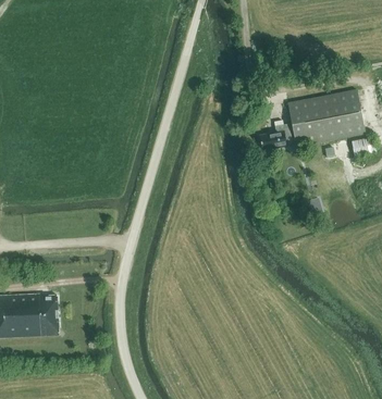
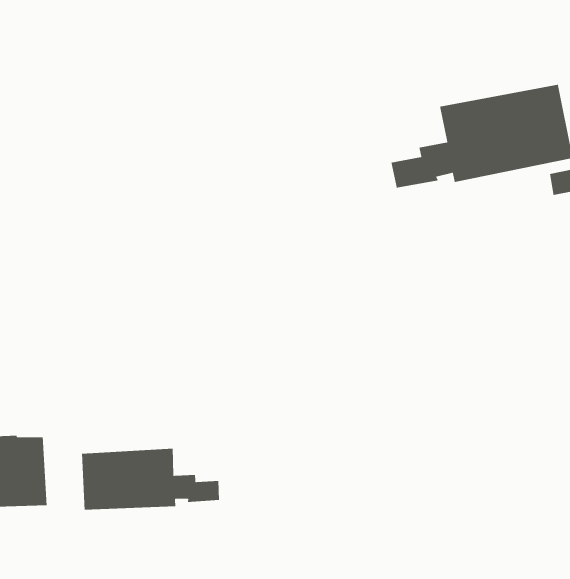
building: none -> [81,448,220,511]

